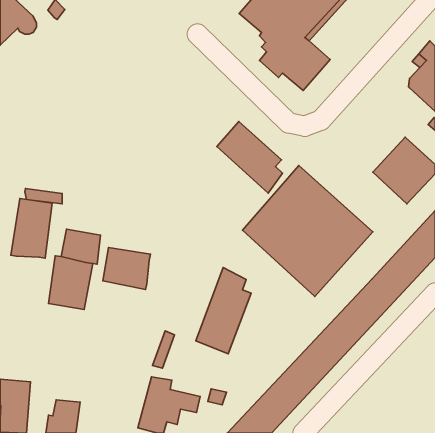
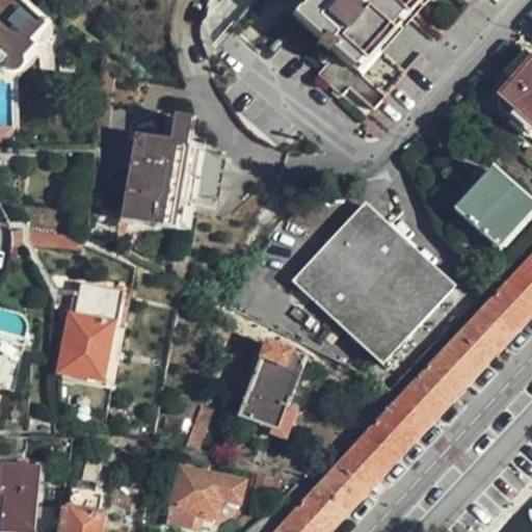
building: none -> [121,116,225,224]
building: [217,122,282,193] -> none
building: [11,199,52,258] -> none
building: [103,248,150,289] -> none

